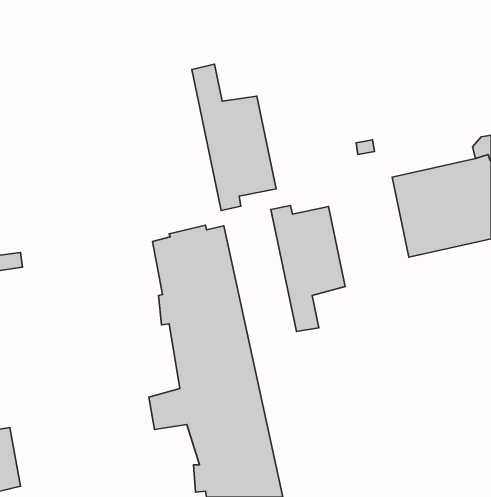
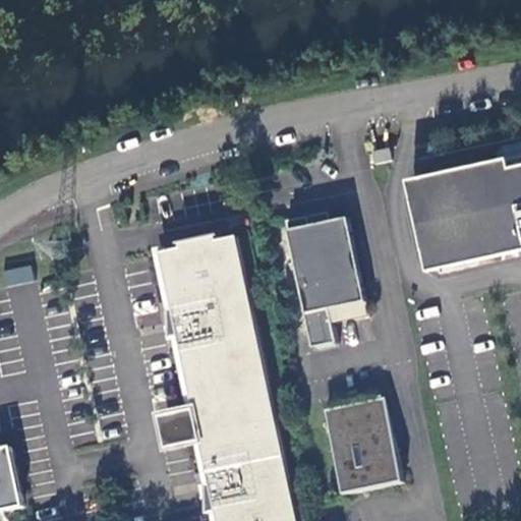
building: [192,64,276,211] -> none
building: none -> [323,395,400,491]

